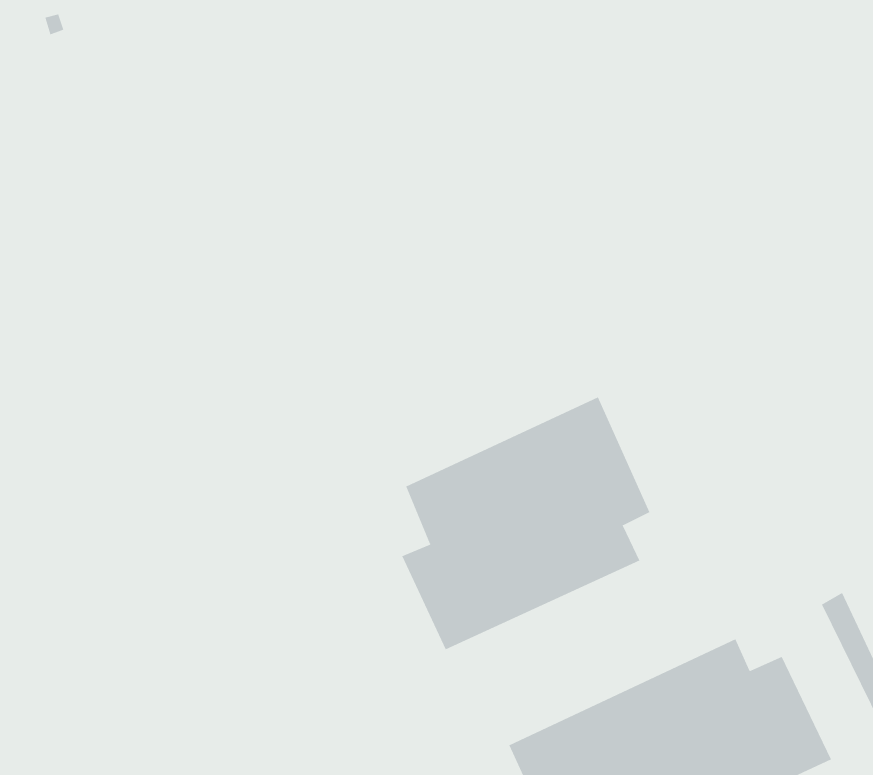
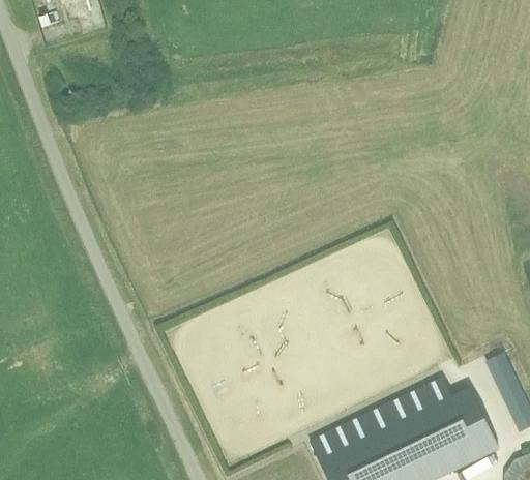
building: [401,397,650,650] -> none

